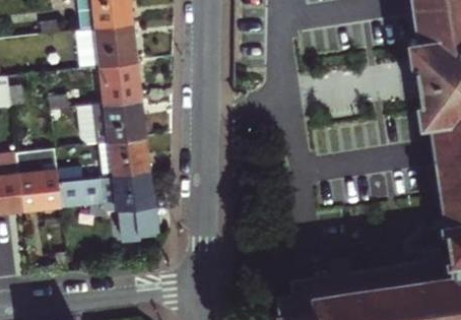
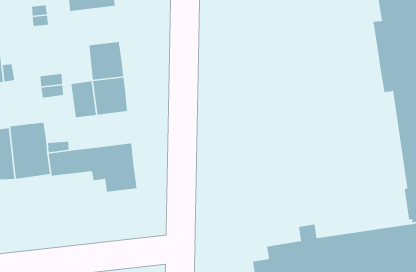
building: [78,24,136,68] -> none
building: [112,138,149,176] -> none

